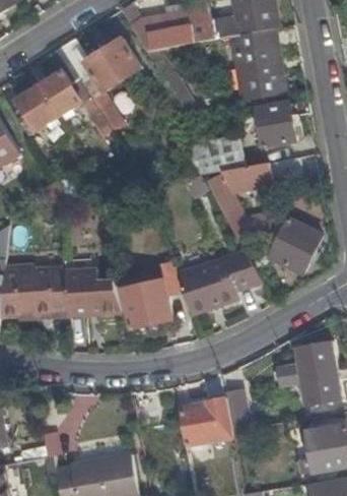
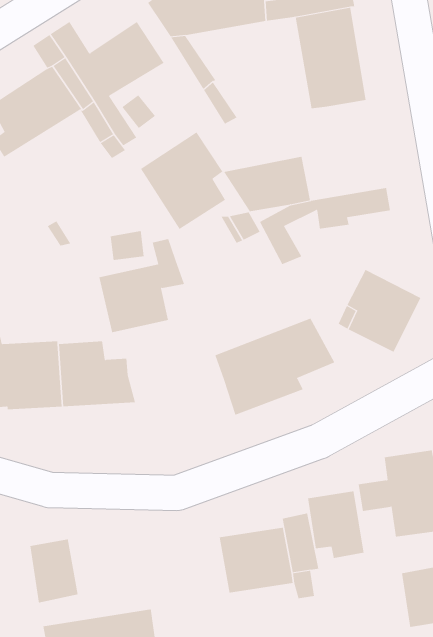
building: [239,99,308,147] -> none
building: none -> [140,132,226,230]
building: [122,260,183,327] -> [99,238,185,333]
building: none -> [307,491,364,559]

